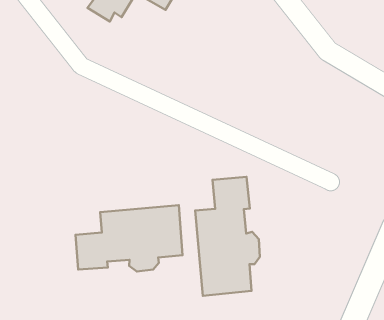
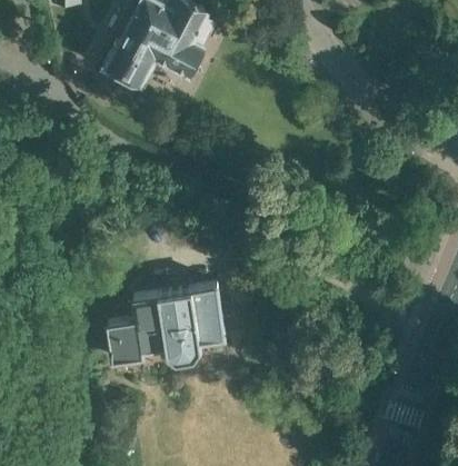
building: [195,177,260,296] -> none

